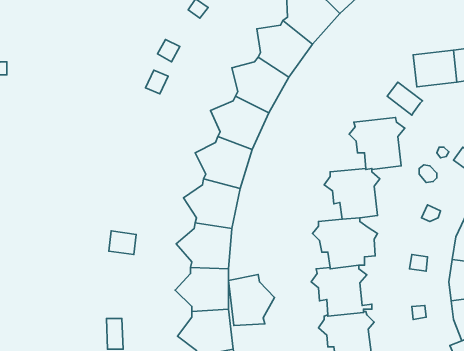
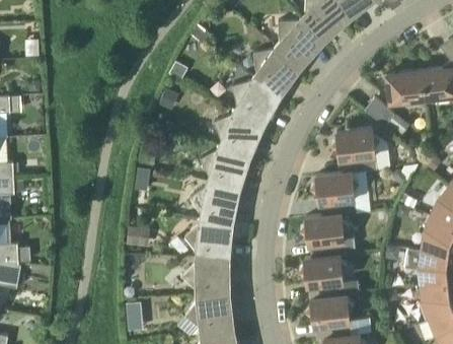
building: [228,274,275,326] -> none

